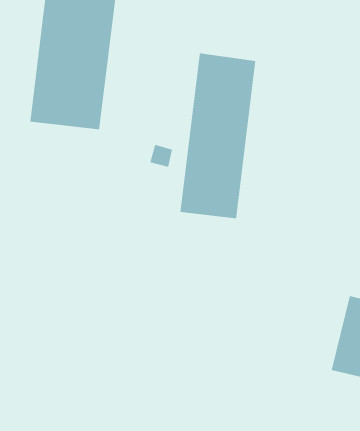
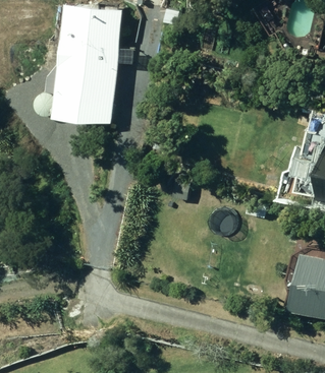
building: [180,53,256,219] -> none

